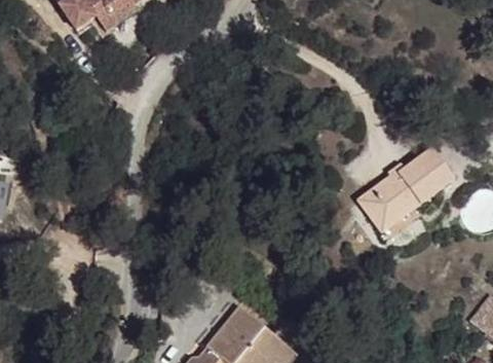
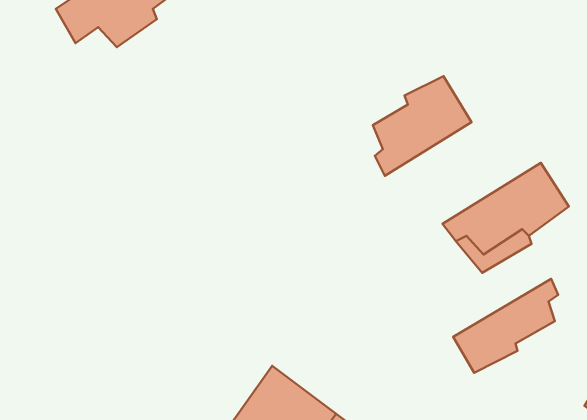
building: none -> [373,76,471,176]
building: none -> [453,279,558,373]

